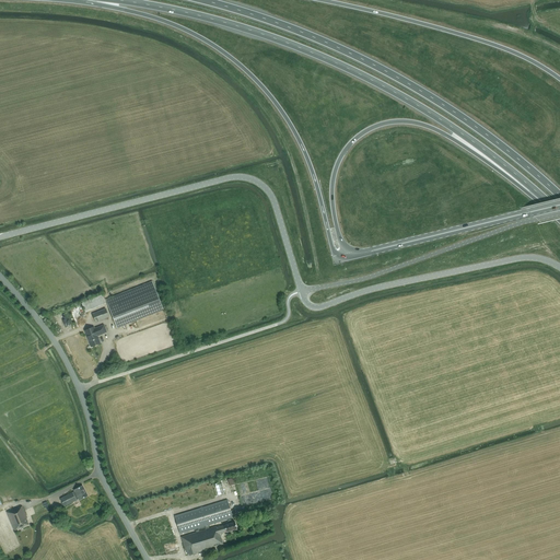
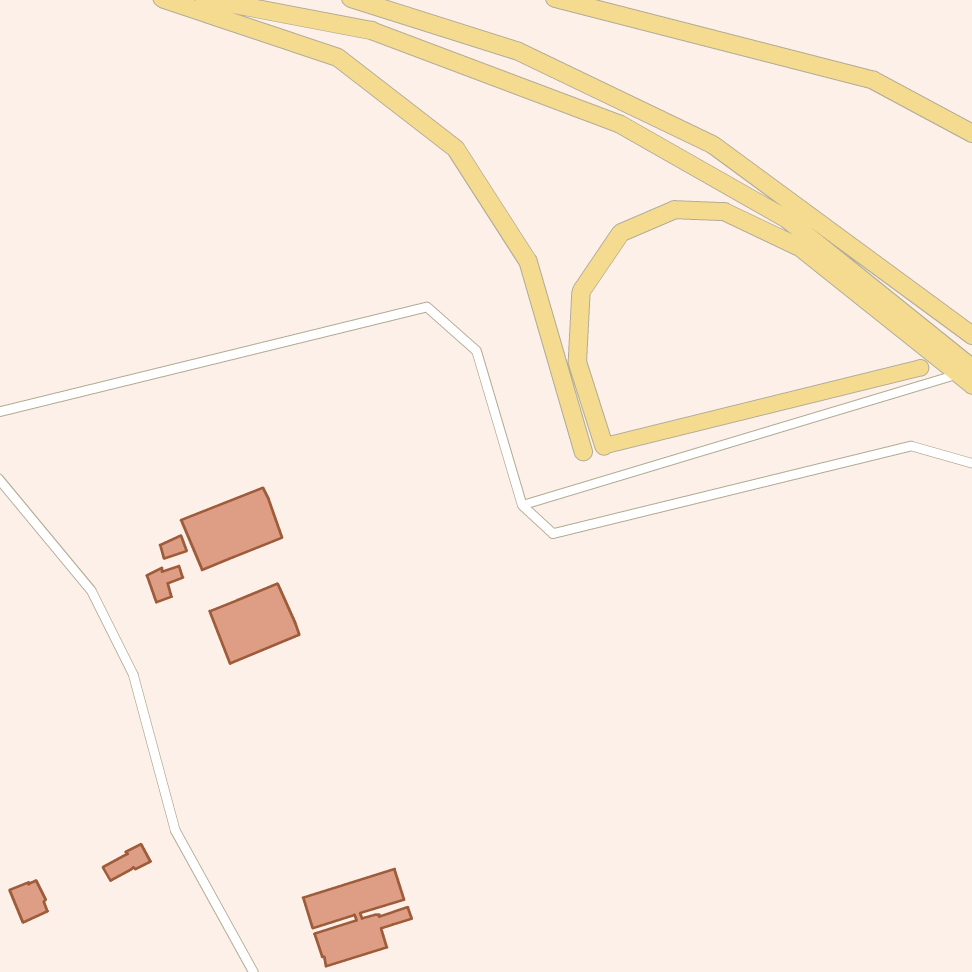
building: none -> [210,584,299,664]

